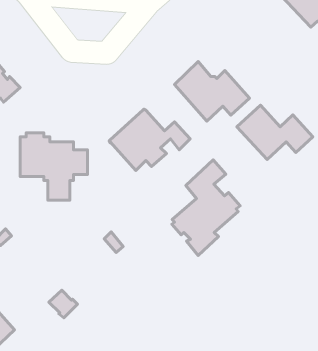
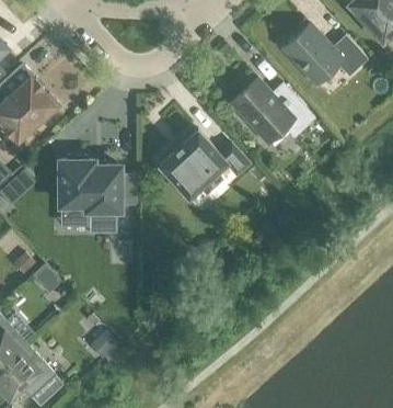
building: [237,105,313,160] -> [282,24,367,84]
building: [172,160,240,255] -> none

